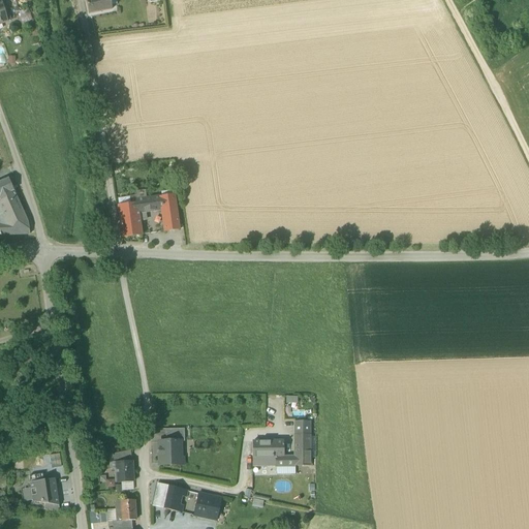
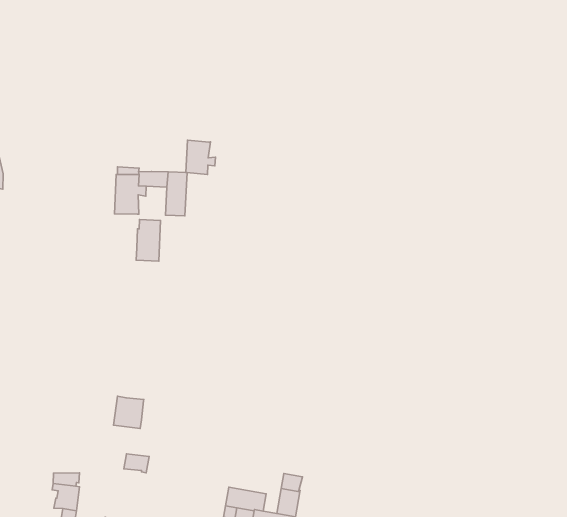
building: none -> [186,140,215,174]
building: none -> [136,219,161,261]
building: [158,439,181,464] -> [114,396,144,428]

